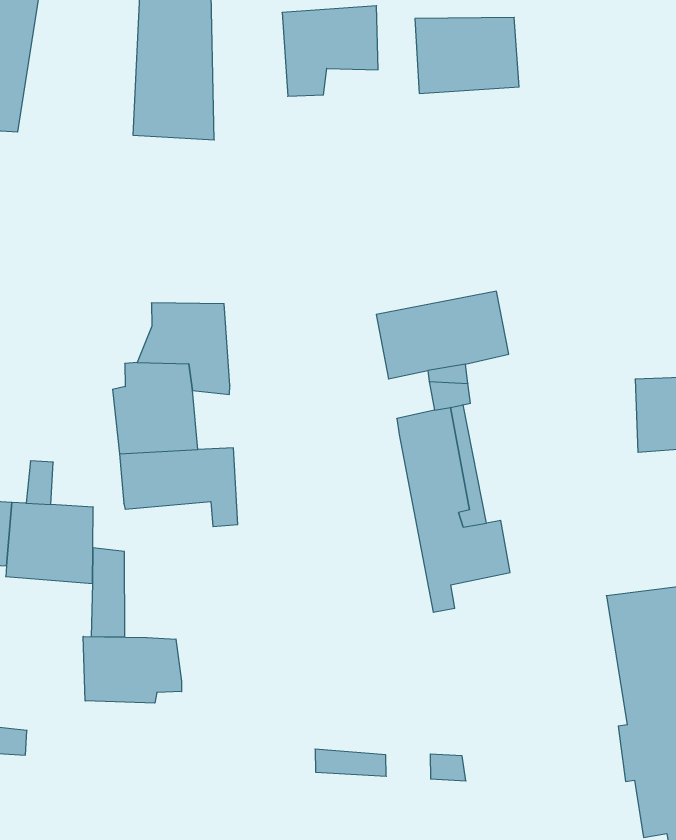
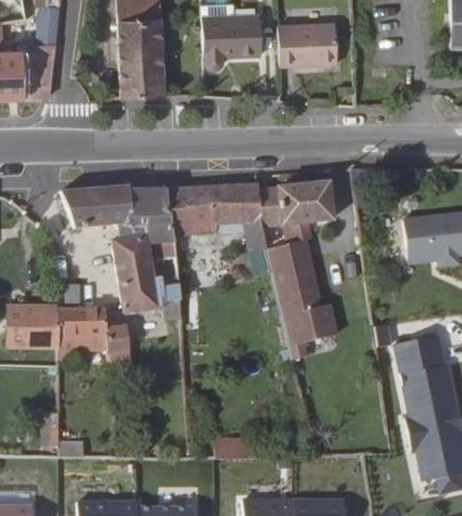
building: none -> [61,185,130,230]
building: none -> [170,183,274,257]
building: [83,636,182,703] -> none

